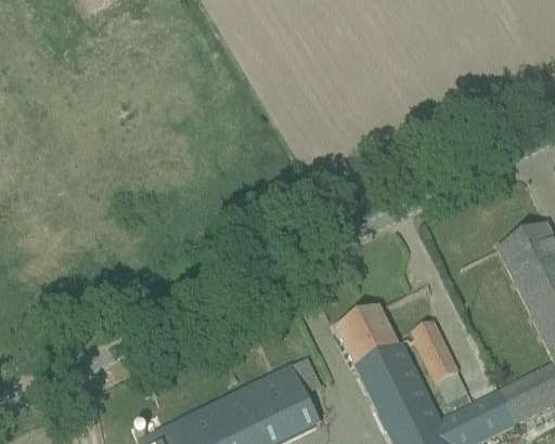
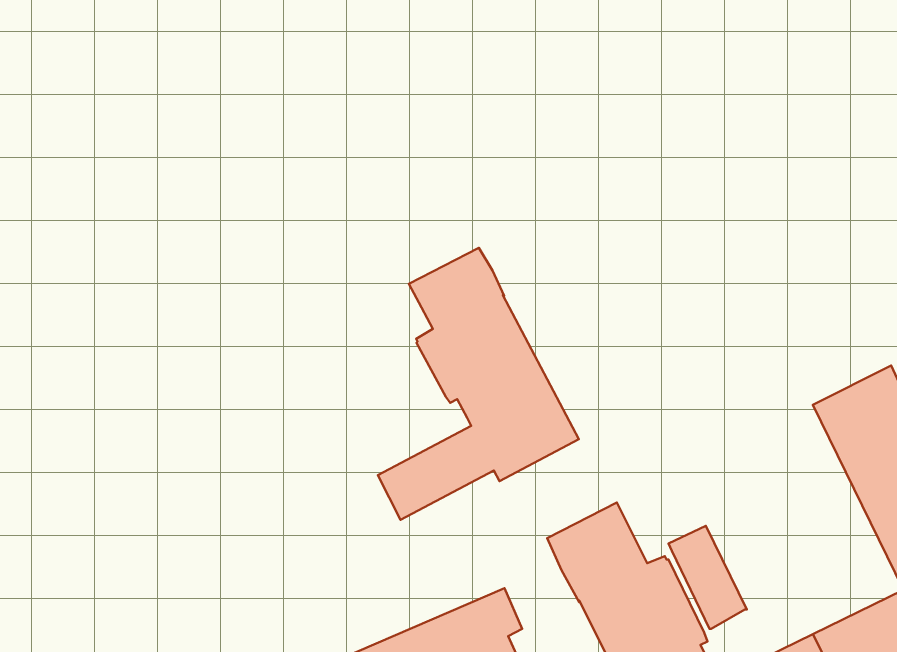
building: none -> [378,248,579,520]

